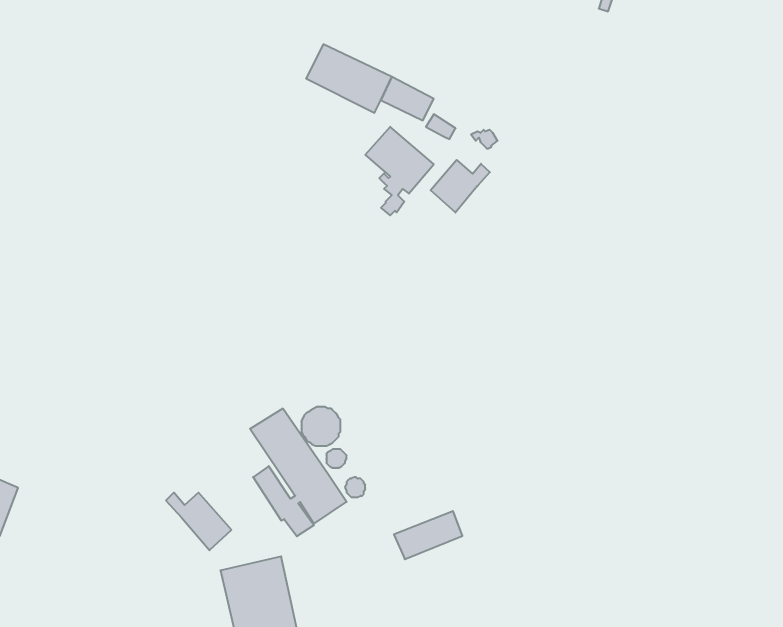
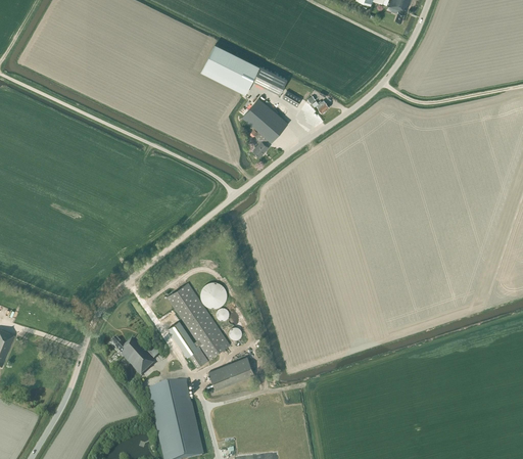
building: [431,160,490,213] -> none
building: [394,511,462,559] -> [208,358,253,389]

